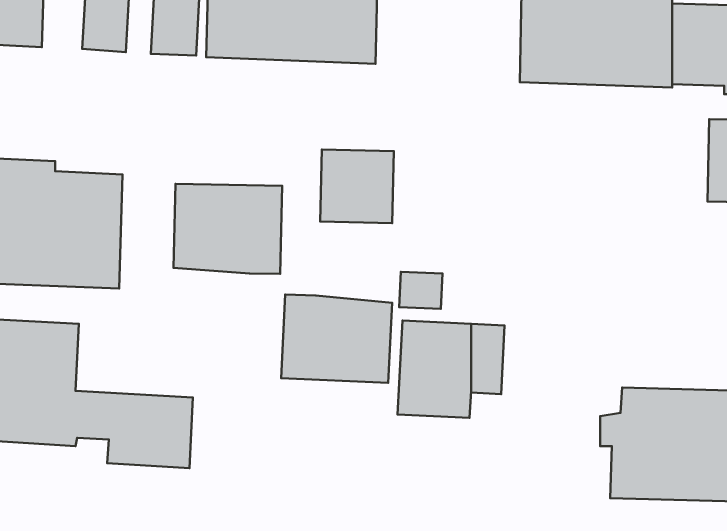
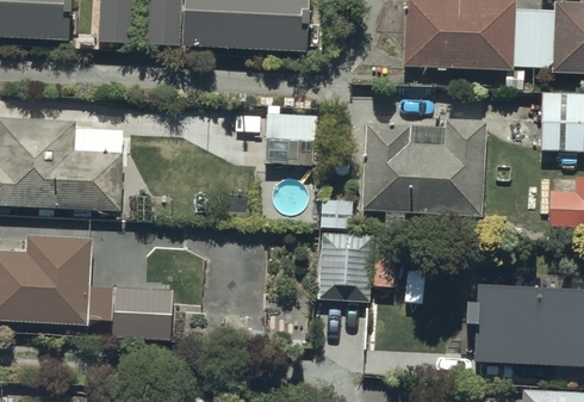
building: none -> [364,118,485,216]
building: [173,184,282,274] -> none
building: [281,294,392,383] -> none

